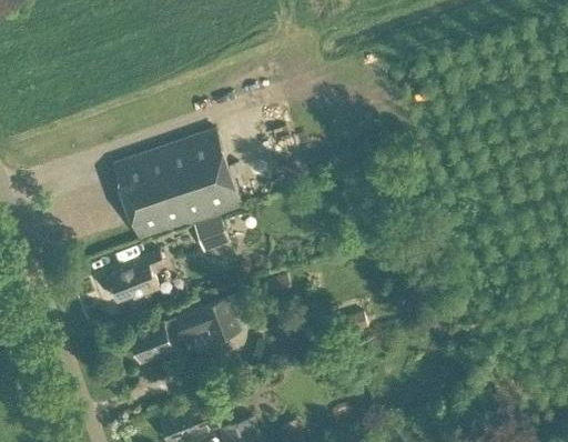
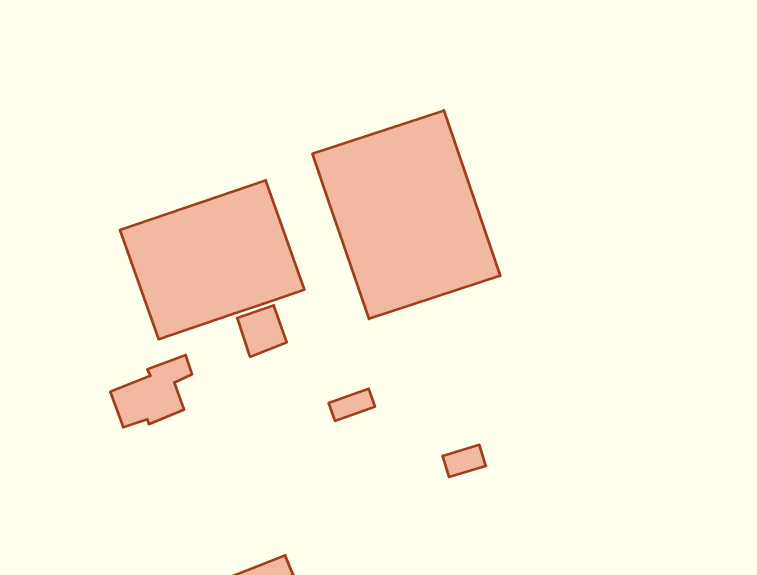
building: none -> [313,110,500,319]
building: [131,302,240,363] -> none

